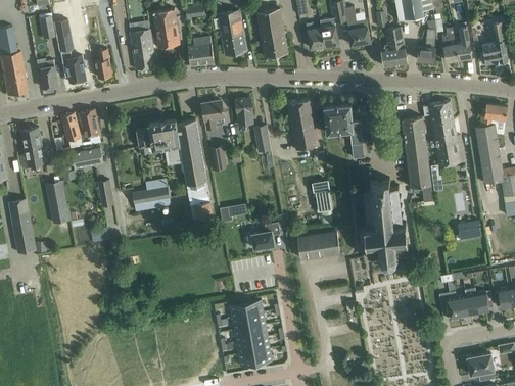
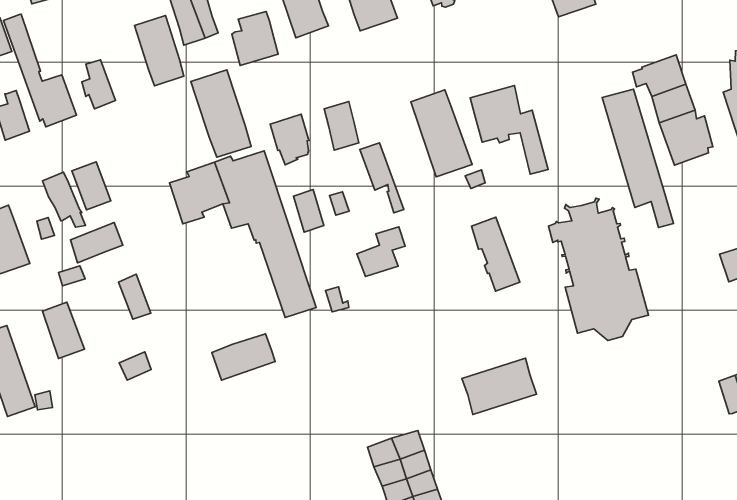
building: none -> [191,70,251,157]
building: [132,187,169,210] -> [212,334,275,380]
building: [250,222,280,248] -> [357,227,405,277]
building: [296,231,339,259] -> [462,358,536,415]

